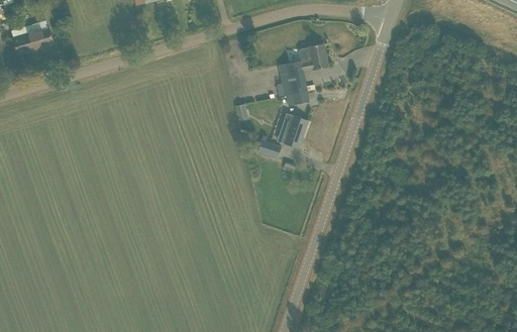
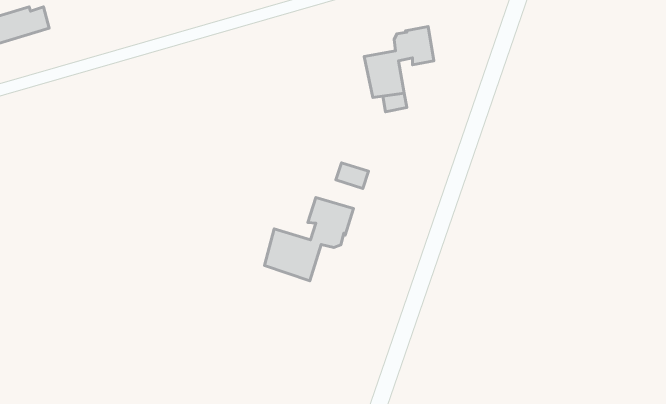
building: [283,115,307,146] -> none
building: none -> [265,198,354,281]

